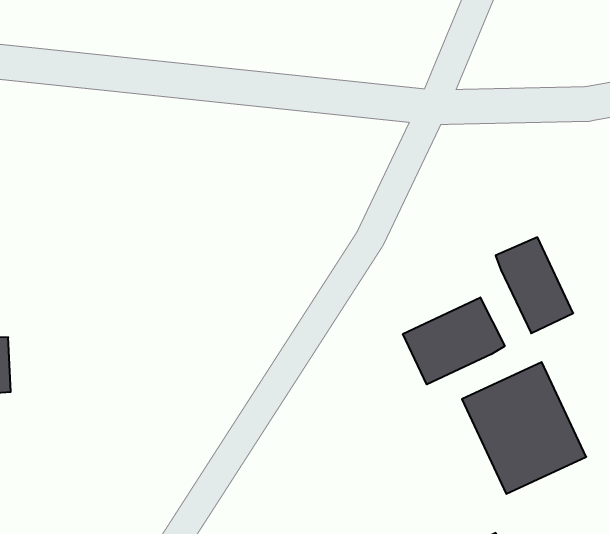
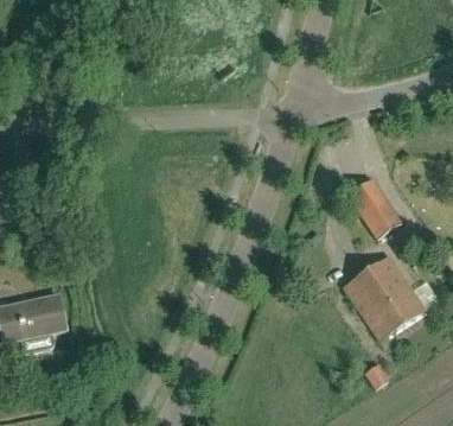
building: [403,297,505,384] -> none

